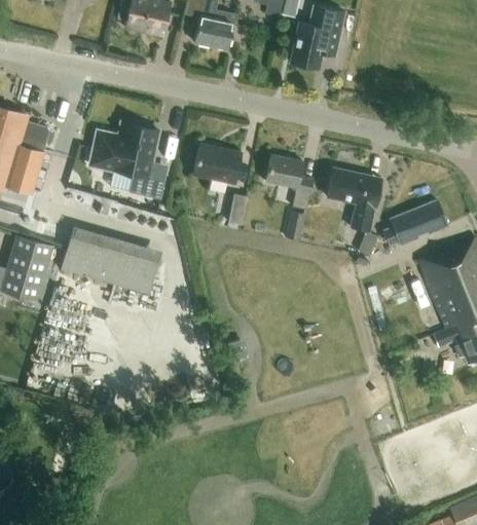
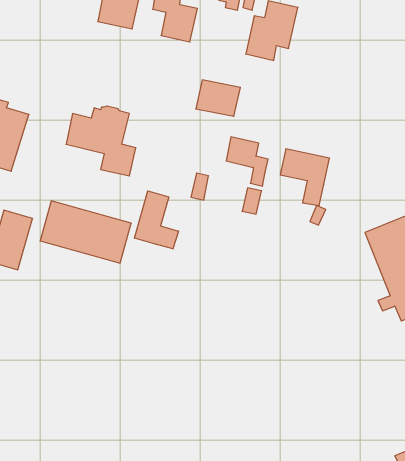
building: [191,144,241,184] -> [196,80,240,116]
building: [381,199,448,247] -> none
building: none -> [135,191,179,249]

